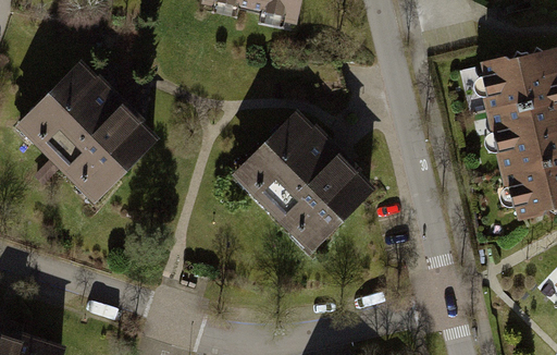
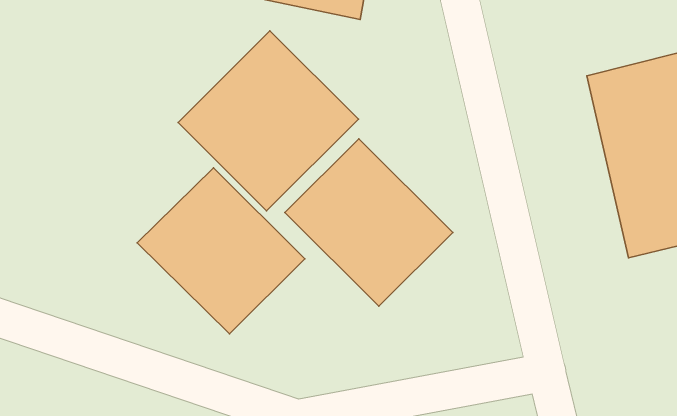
building: none -> [178,31,358,211]
building: [17,63,153,198] -> [137,168,305,334]

